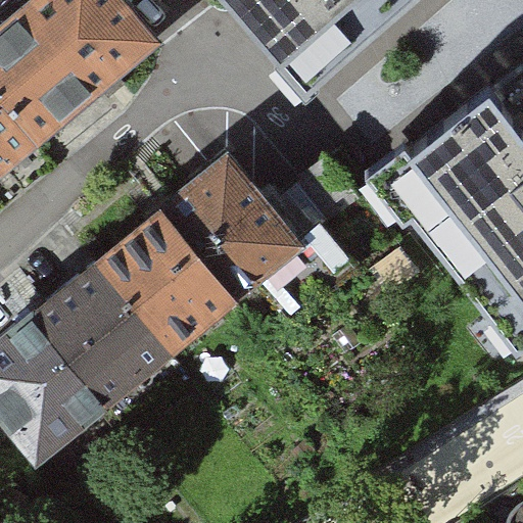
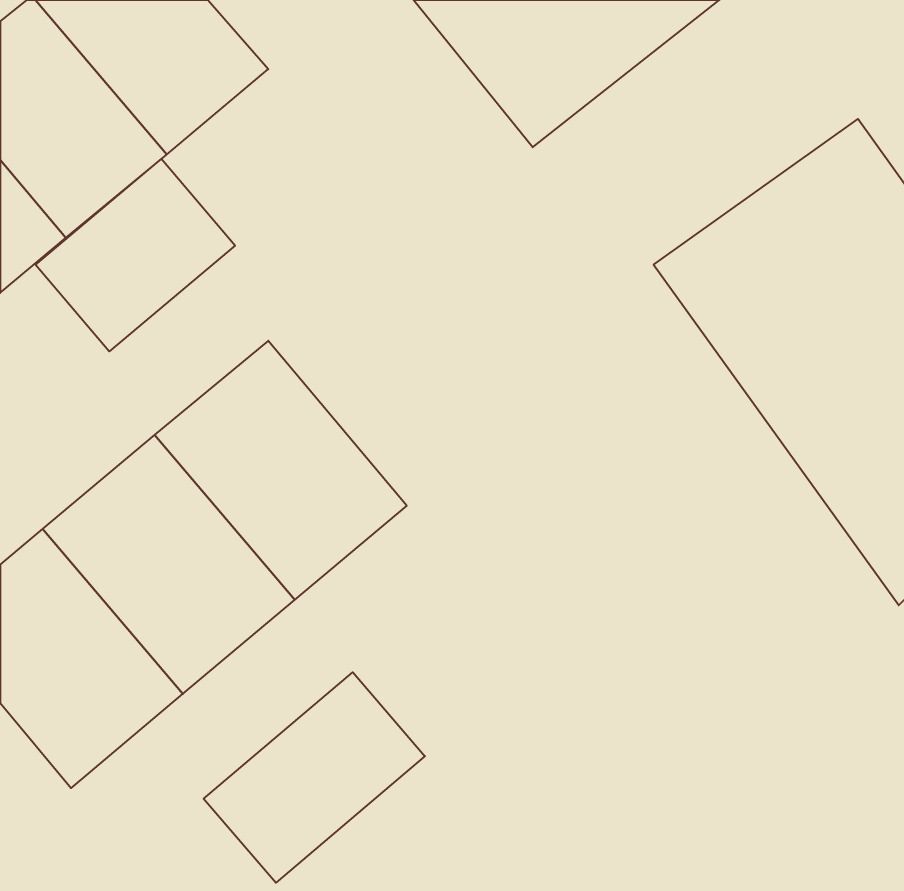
building: none -> [36,159,235,351]
building: [156,151,300,300] -> none
building: none -> [204,672,425,883]

